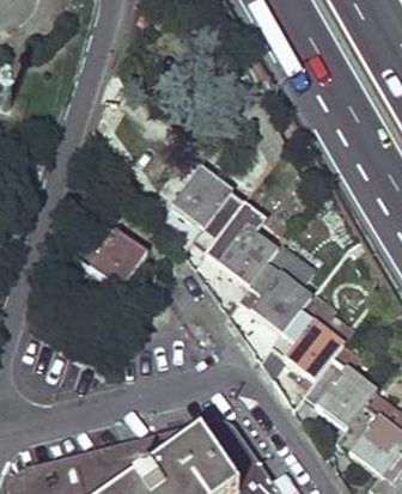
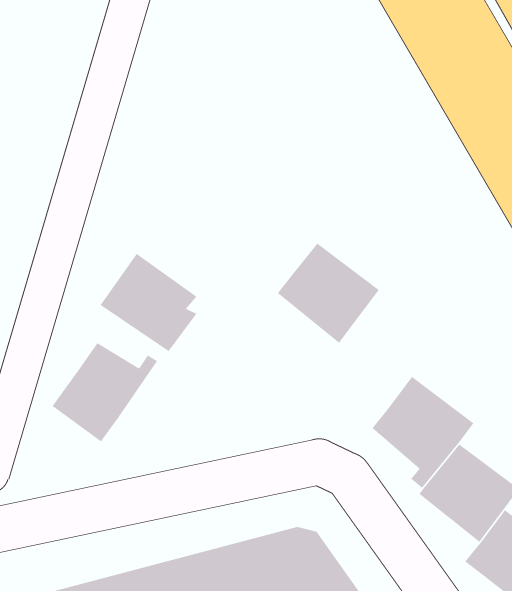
building: [179,173,250,243] -> none
building: [244,267,317,337] -> none
building: none -> [52,342,158,442]

